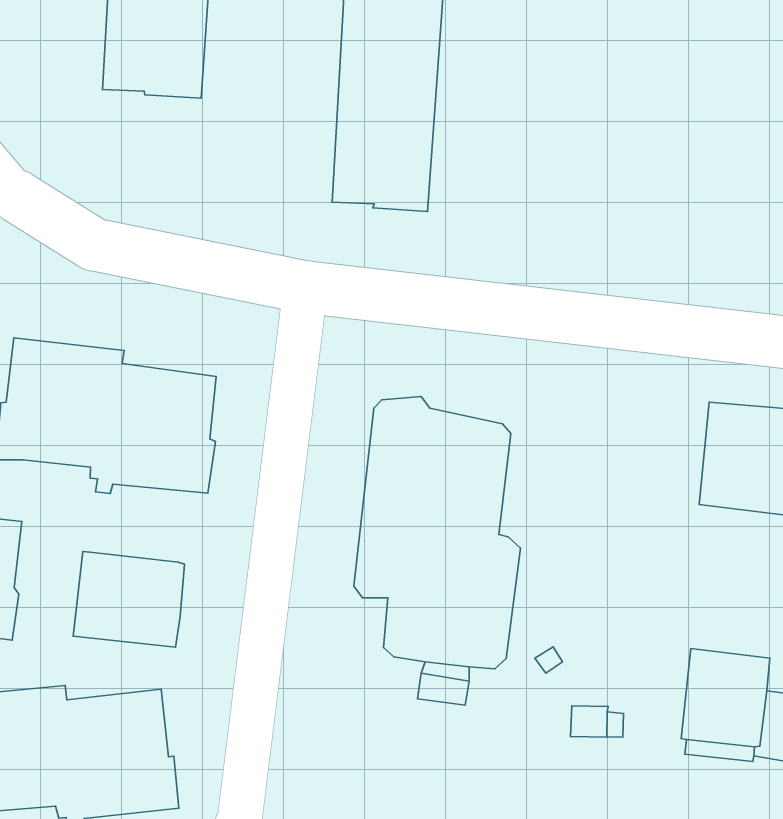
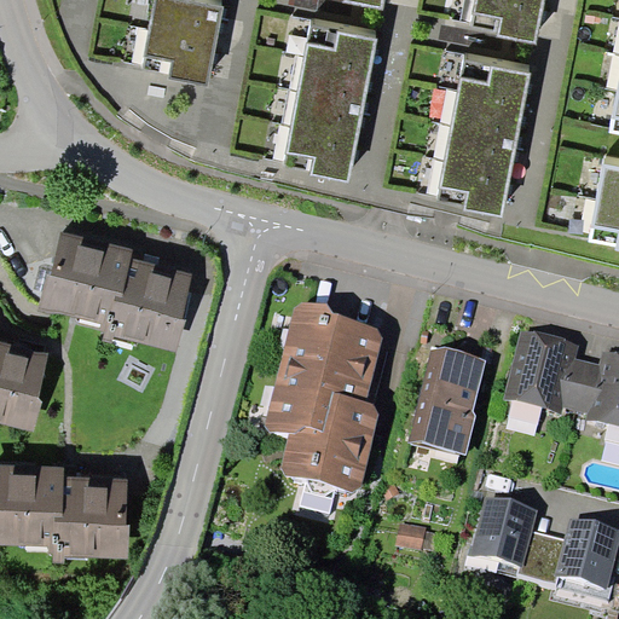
building: none -> [435,58,530,215]
building: none -> [407,346,485,453]
building: [73,552,185,647] -> none

